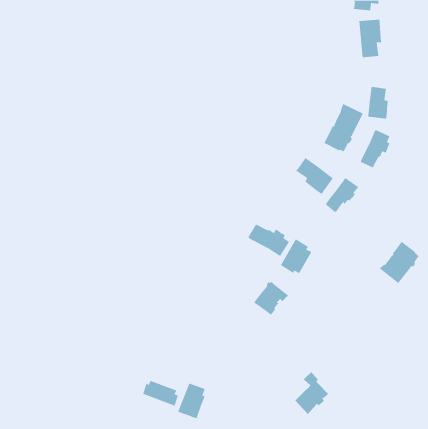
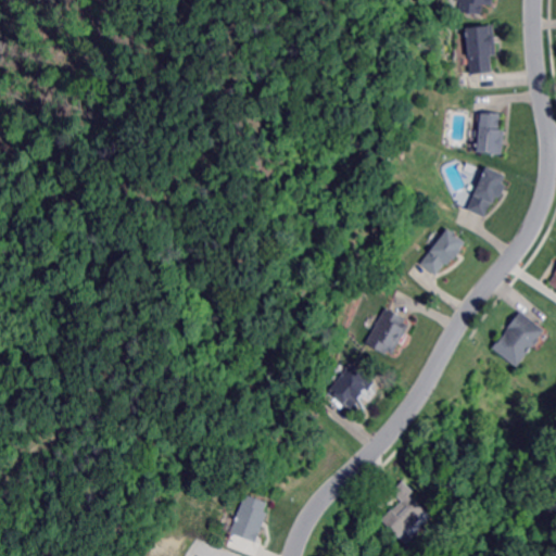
building: [323,103,363,152] -> none
building: [295,157,334,195] -> none
building: [248,223,290,257] -> none
building: [142,380,179,406] -> none

